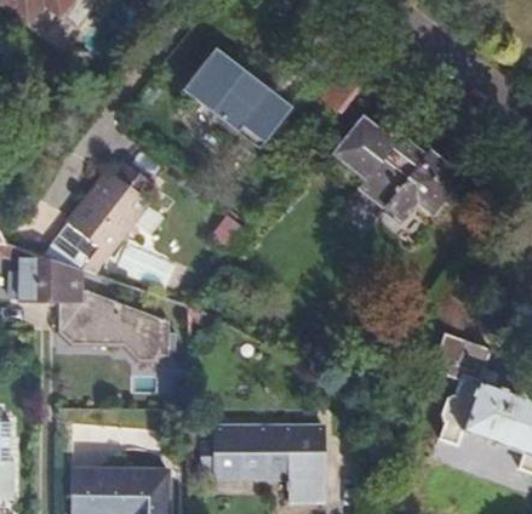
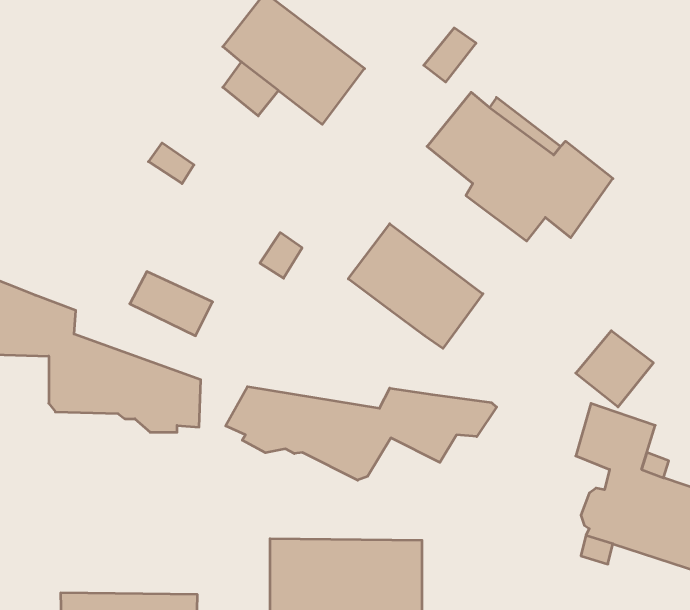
building: [50,169,153,272] -> none
building: none -> [348,224,483,348]
building: none -> [226,387,497,480]

